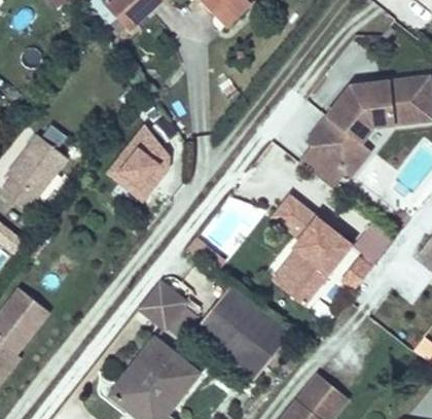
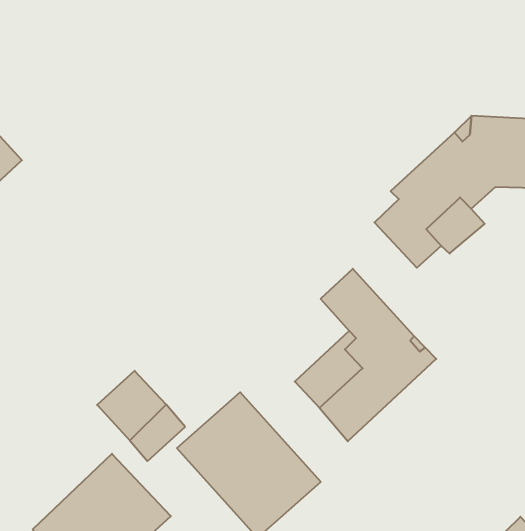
building: [108,120,175,200] -> none

